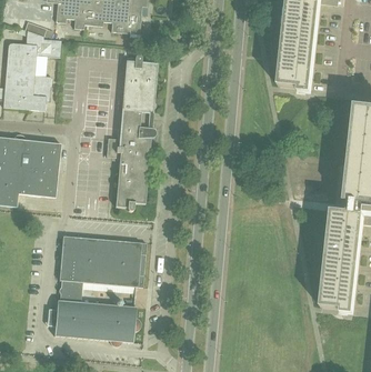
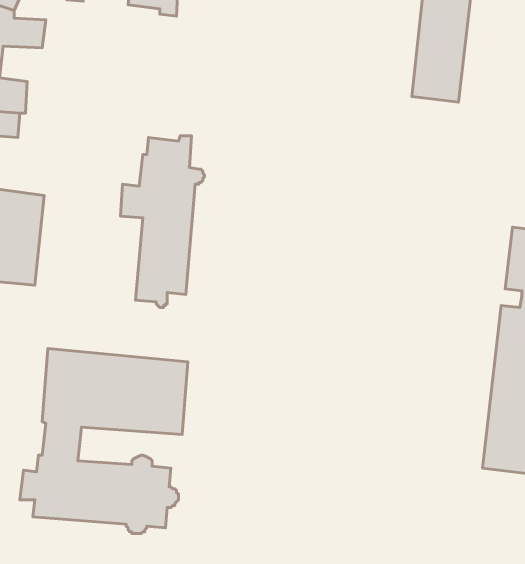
building: [122,54,156,112] -> none

